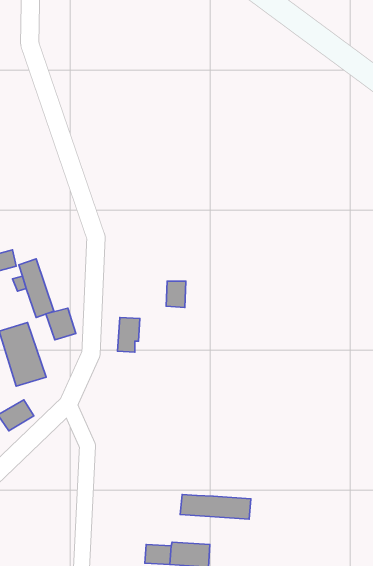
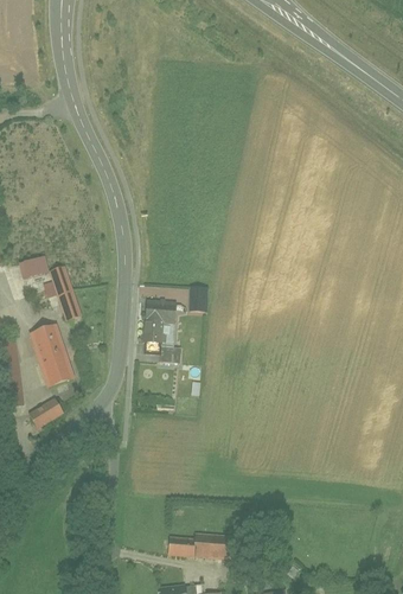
building: none -> [145,300,175,321]
building: [46,308,76,340] -> none
building: [180,495,251,519] -> none

